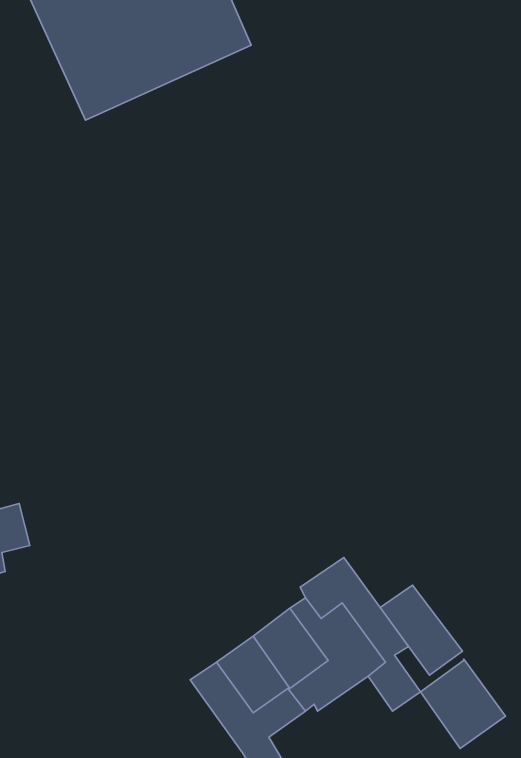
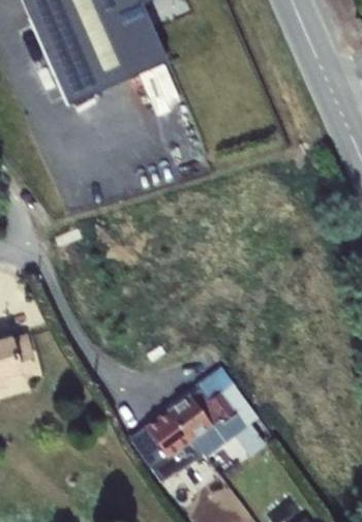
building: [380,585,462,675] -> none
building: [421,659,506,749] -> none

